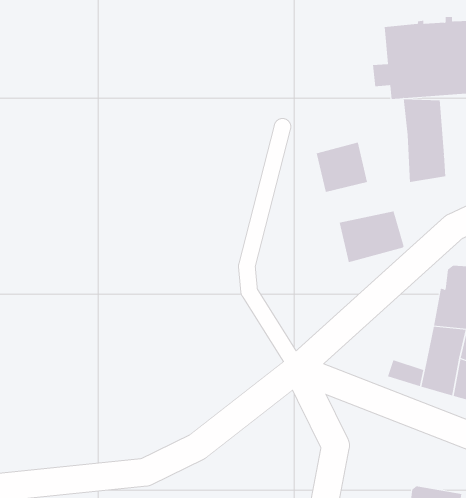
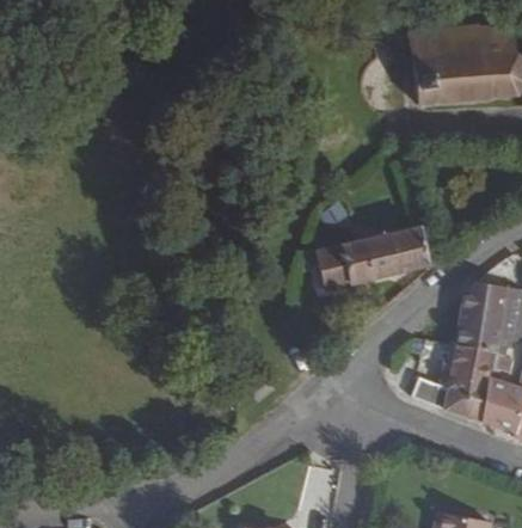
building: [403,98,446,183] -> none
building: [316,142,368,192] -> [317,238,370,290]

